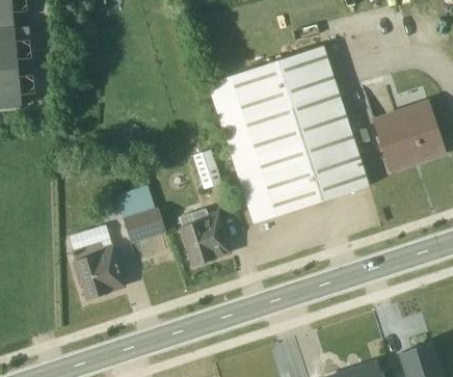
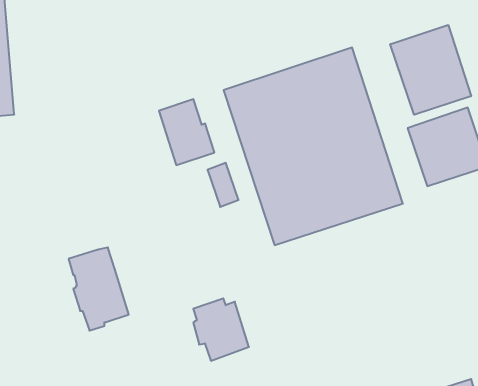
building: none -> [390,25,471,115]
building: [116,186,166,245] -> [159,99,214,165]
building: [179,209,229,265] -> [193,298,249,361]

